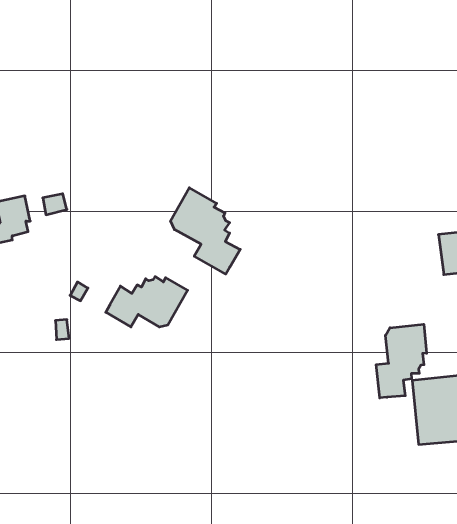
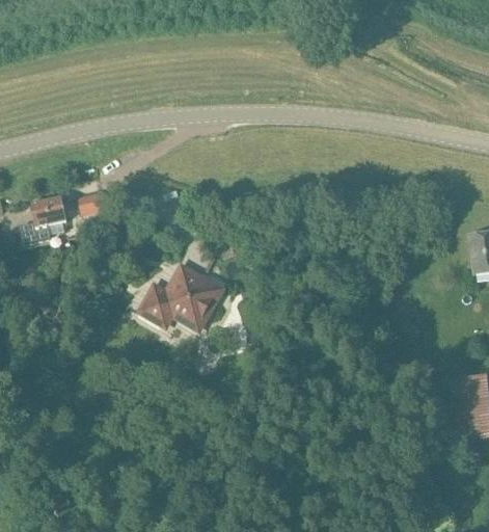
building: [171,188,240,274] -> none
building: [376,324,427,398] -> none

